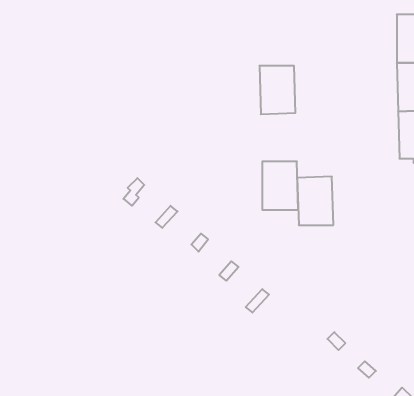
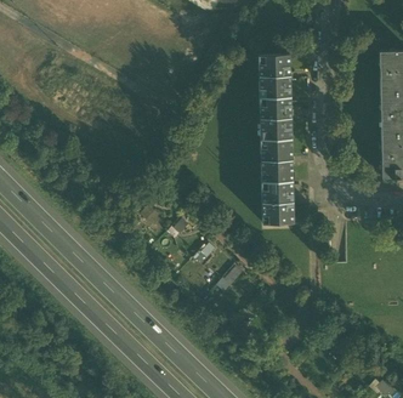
building: none -> [259,52,290,95]
building: [297,177,333,225] -> [261,136,293,178]

